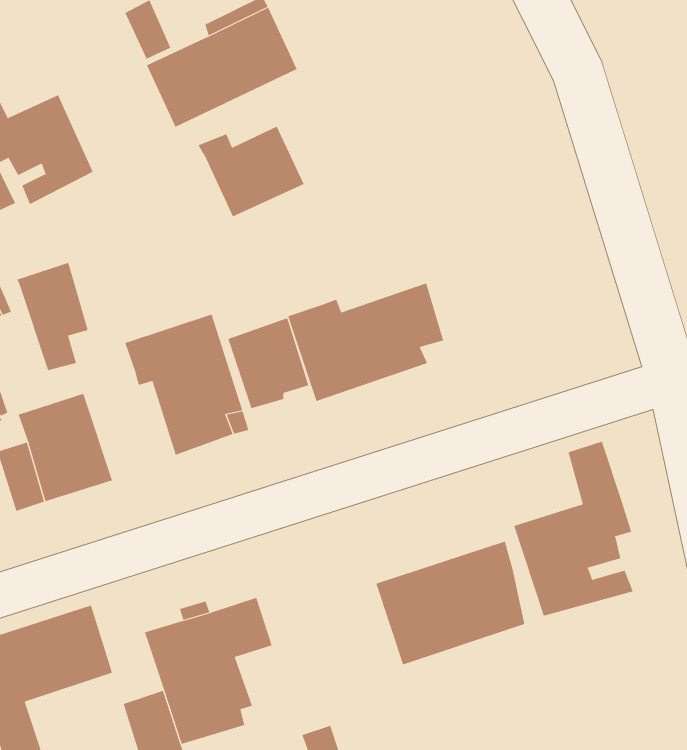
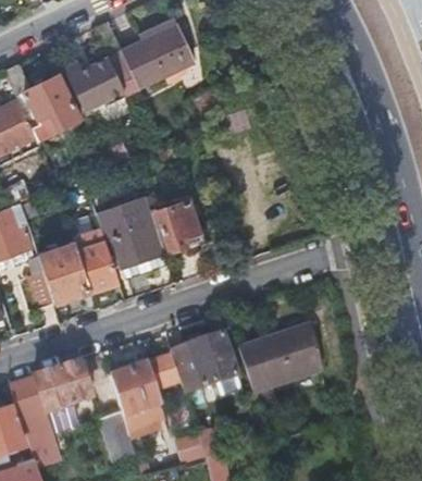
building: [198,126,304,217] -> [65,58,125,109]
building: [16,262,88,371] -> [74,230,114,291]
building: [287,282,444,402] -> none
building: [514,441,633,617] -> none
building: none -> [171,334,237,394]

